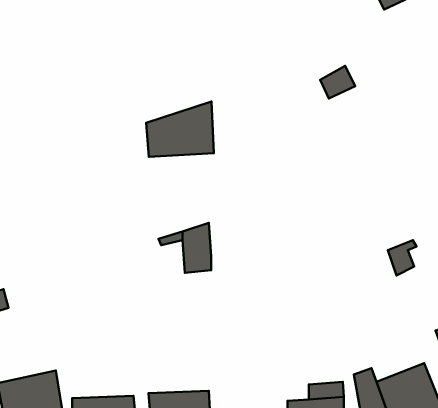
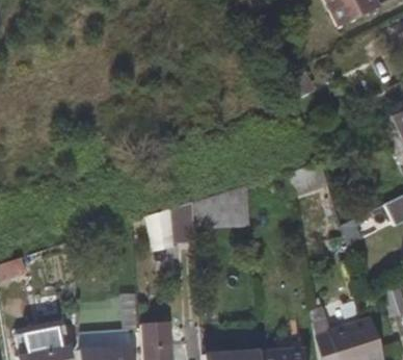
building: [146,102,214,157] -> [192,184,248,230]

